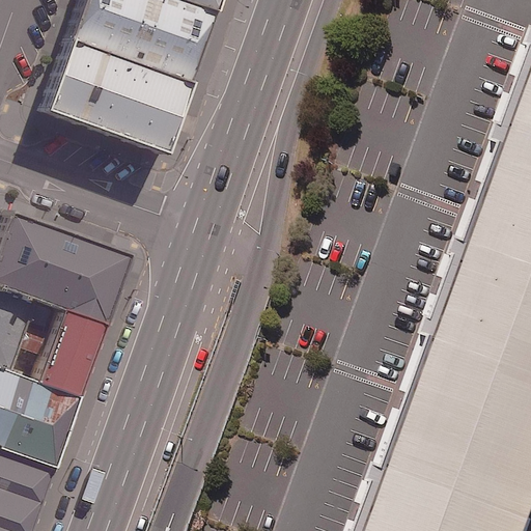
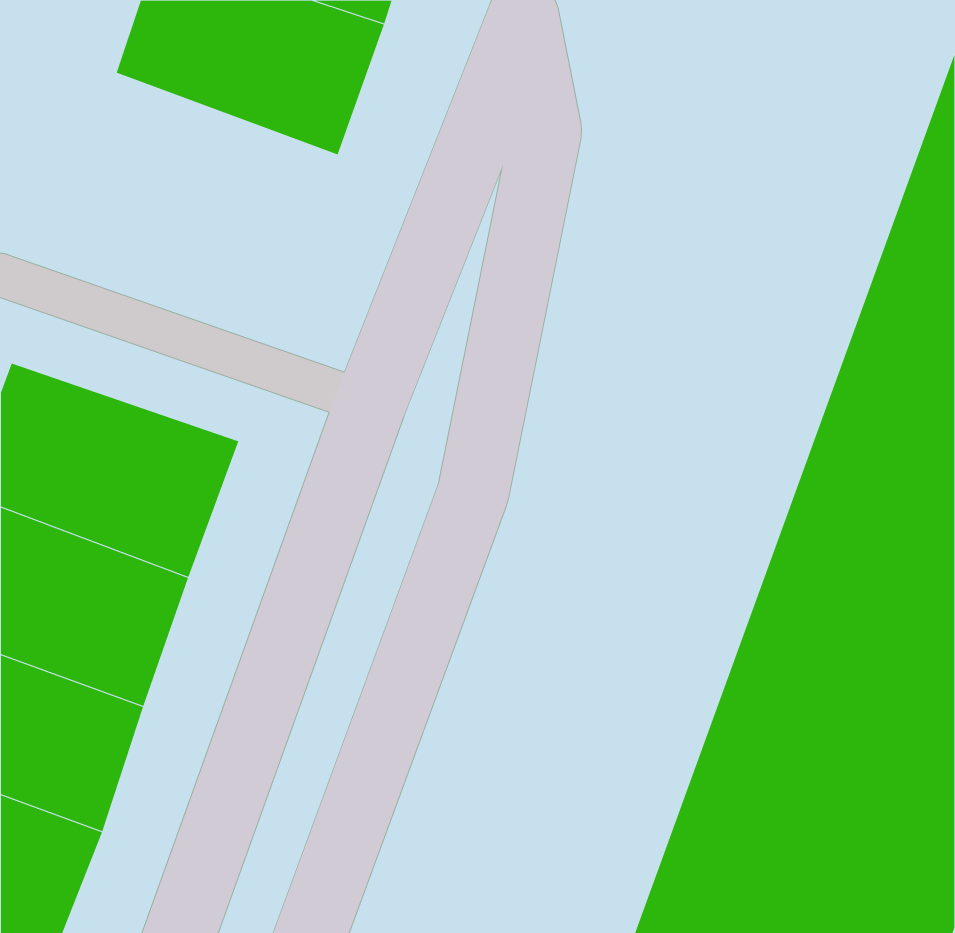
building: [38,53,188,168] -> none

